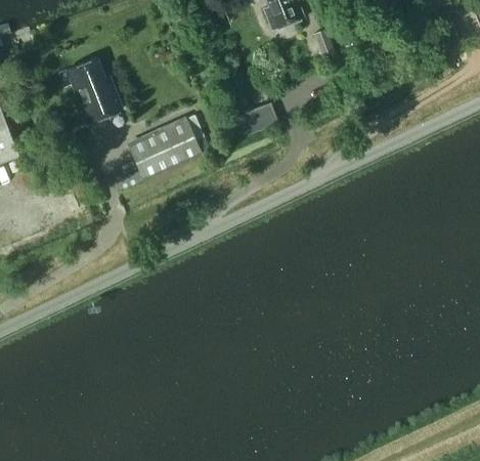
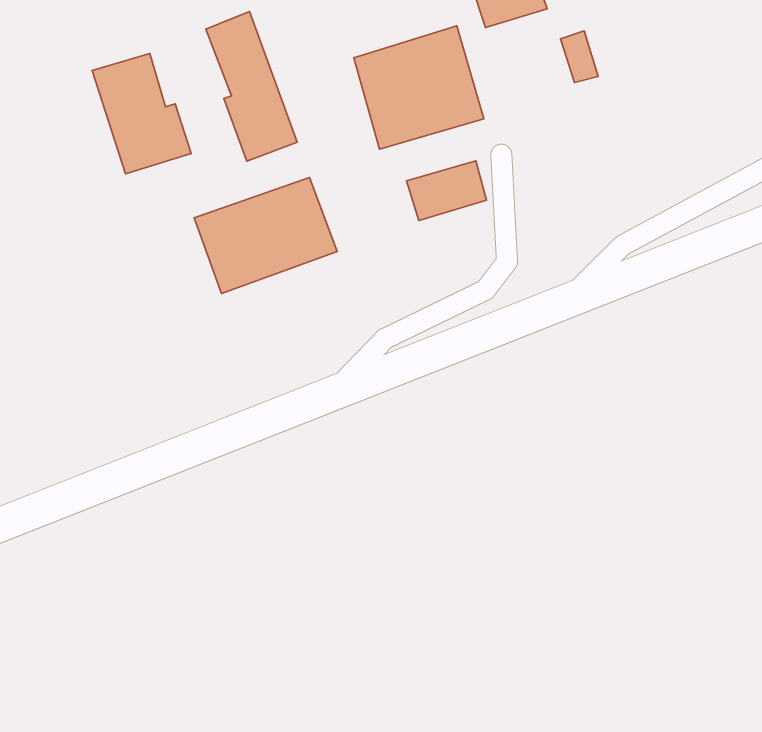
building: none -> [354,26,484,149]
building: none -> [206,11,297,161]

